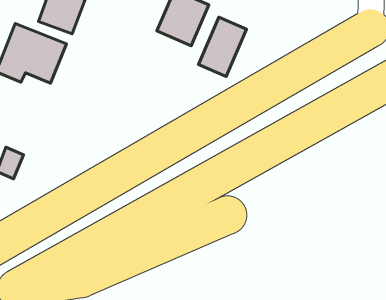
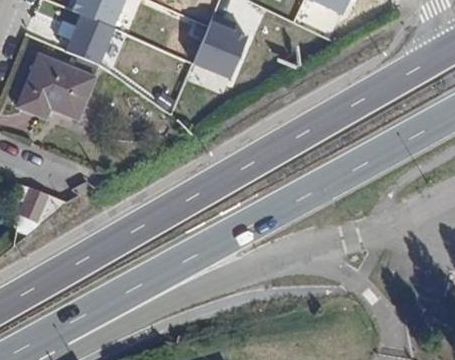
building: [198,17,247,77] -> none

